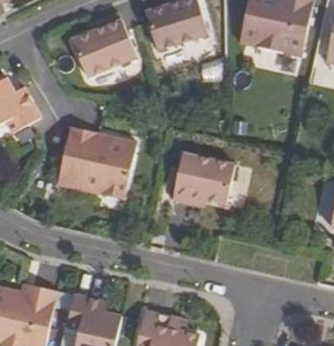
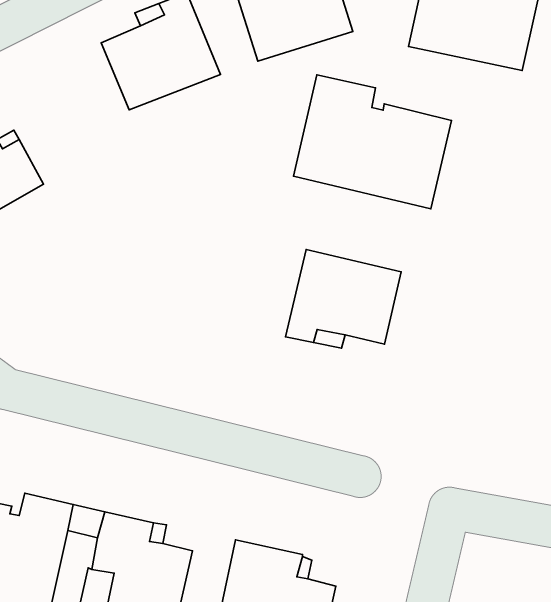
building: none -> [293,75,451,209]
building: [57,126,136,198] -> none

